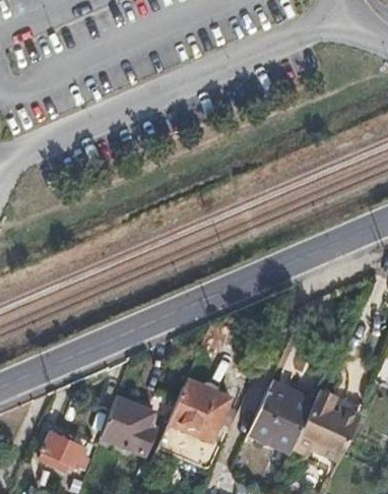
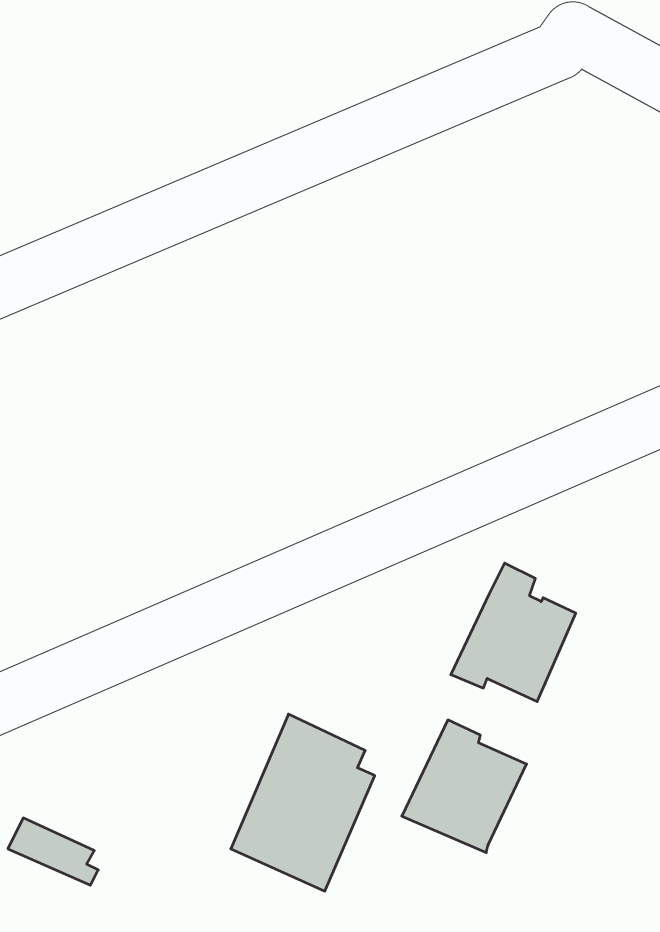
building: [295,388,361,461] -> [451,563,576,702]
building: [102,396,153,450] -> none

